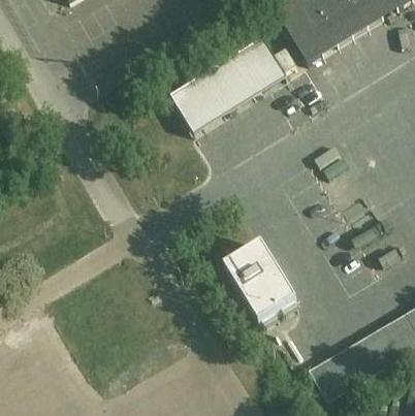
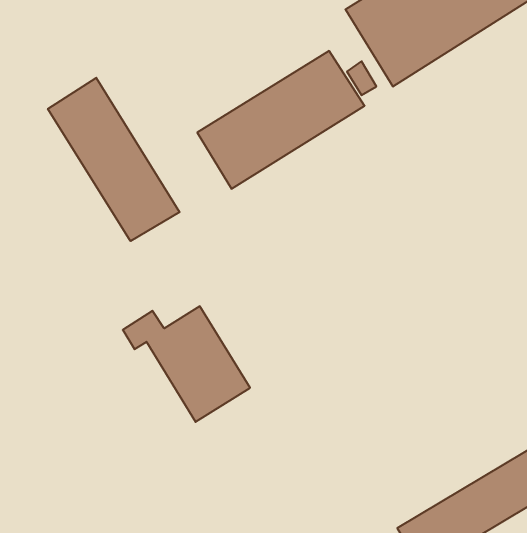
building: none -> [48,78,180,241]
building: [209,242,297,322] -> [123,306,250,422]

